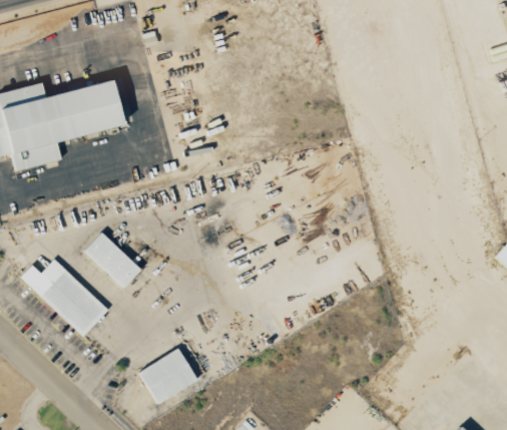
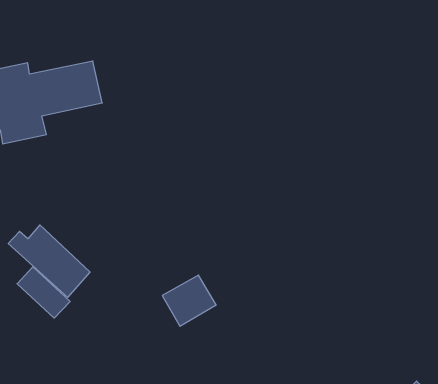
building: [84,232,141,287] -> [17,267,70,318]
building: [138,348,196,403] -> [162,275,216,326]

